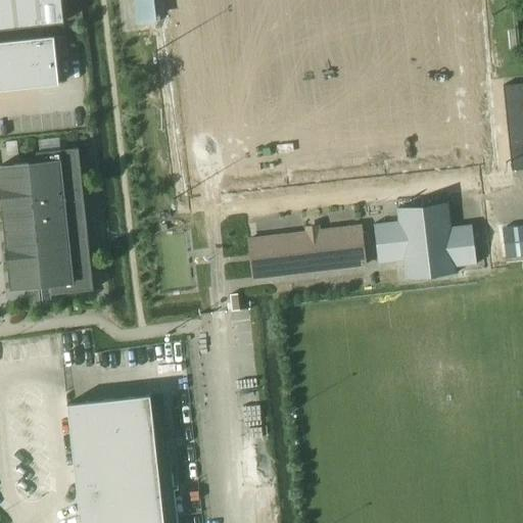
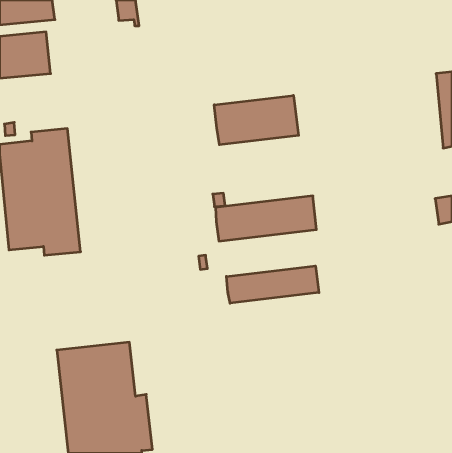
building: none -> [214,95,299,145]
building: [373,202,476,280] -> none
building: none -> [226,266,319,303]

